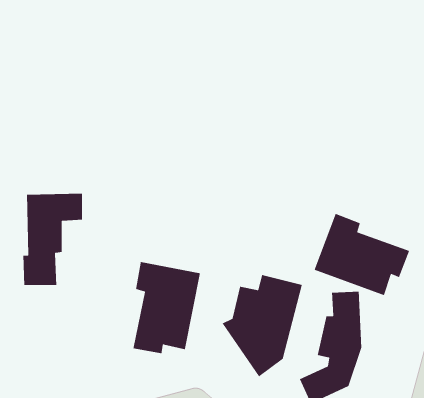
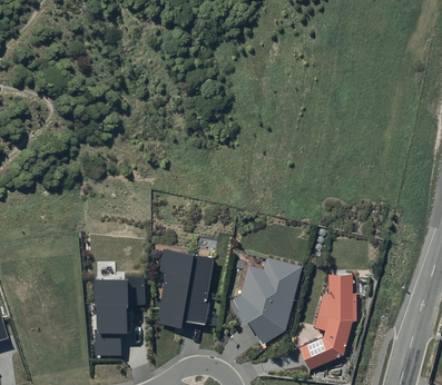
building: [22,193,83,286] -> [92,277,145,357]
building: [314,213,410,296] -> none

